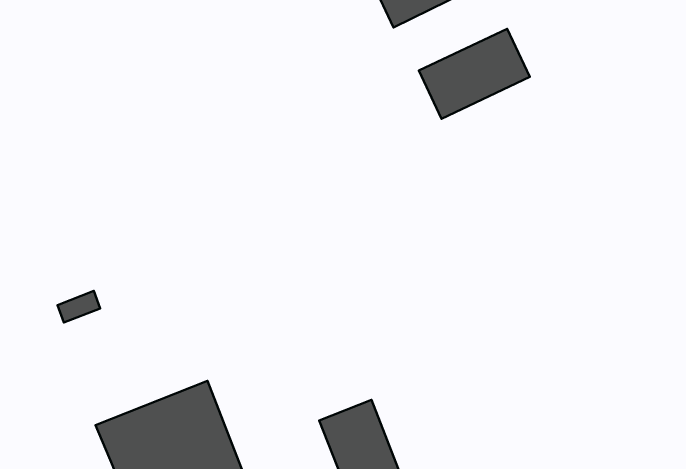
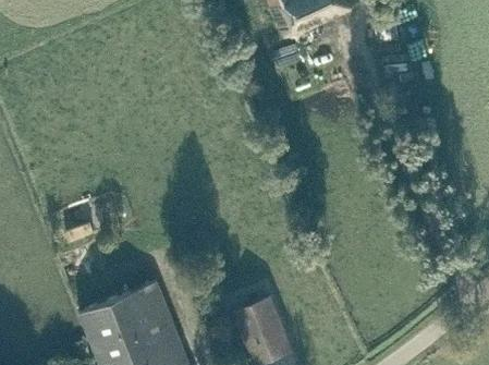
building: [419,29,530,119] -> none

